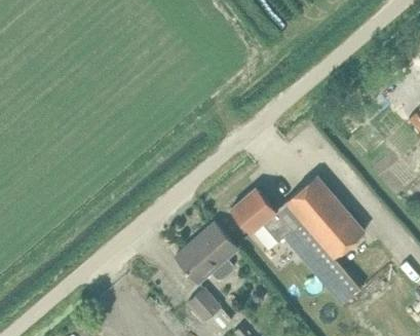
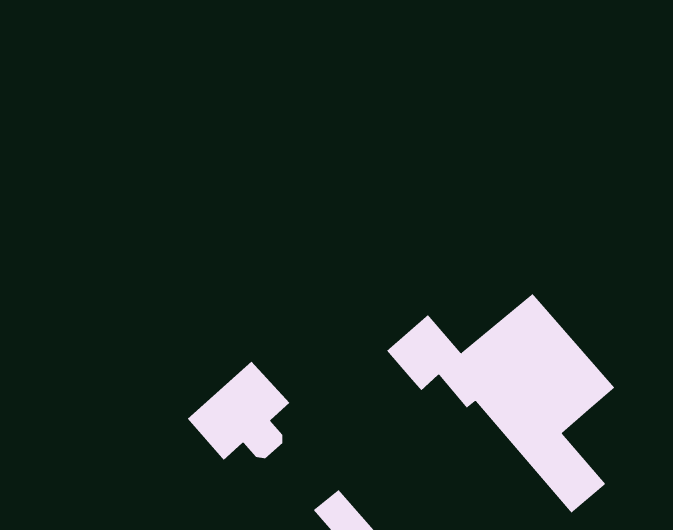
building: [177,223,237,282] -> [187,361,290,461]

